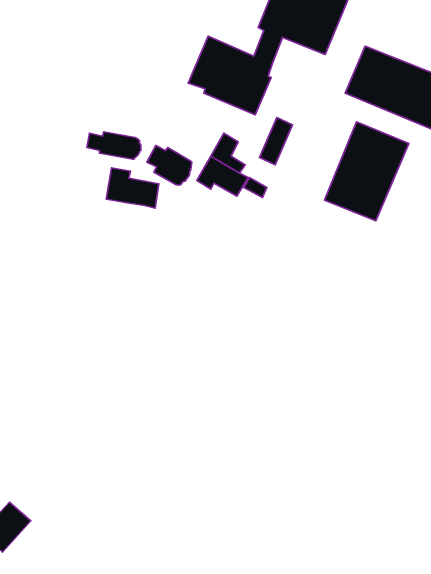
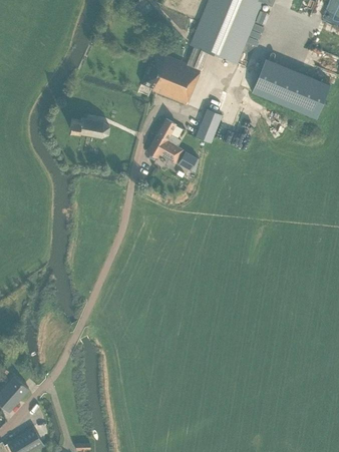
building: [325,122,409,221] -> none
building: [147,146,192,185] -> none
building: [106,168,159,208] -> none

